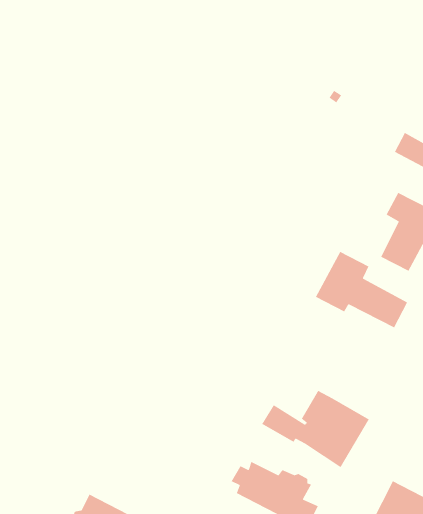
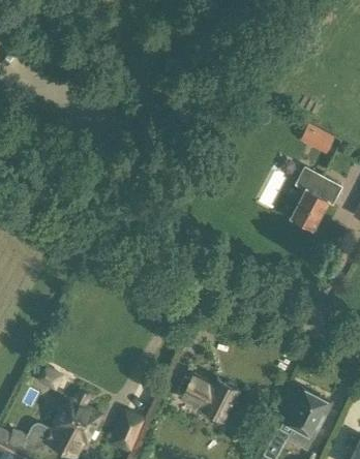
building: [315,251,408,329] -> none
building: [261,390,370,468] -> none

